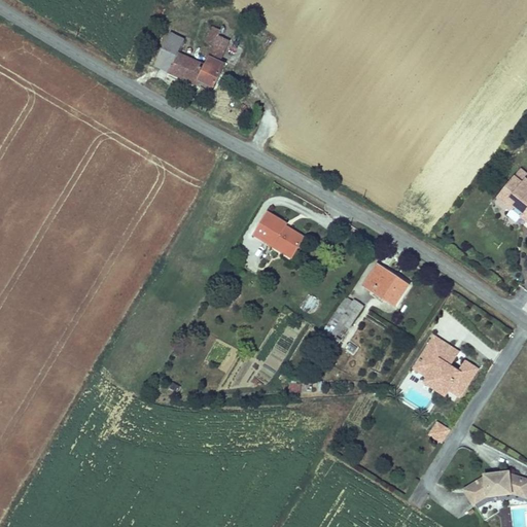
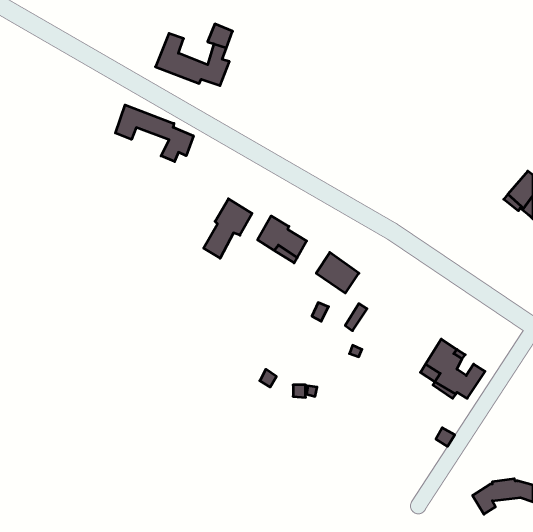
building: none -> [115,105,193,162]
building: none -> [204,199,252,258]
building: [364,266,407,306] -> [316,252,359,293]

